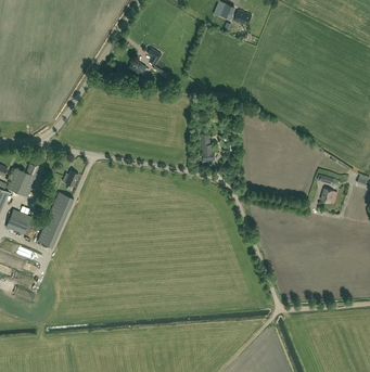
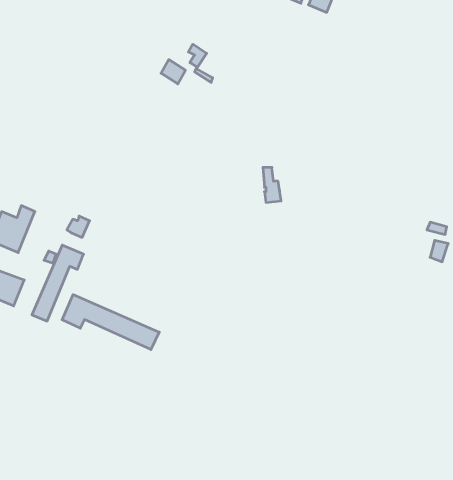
building: none -> [62,295,159,350]

